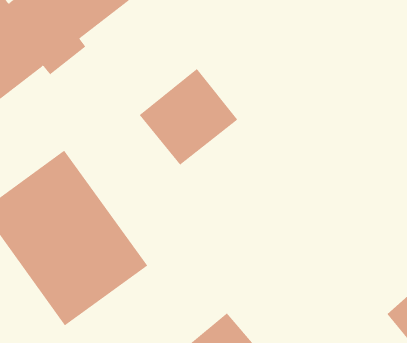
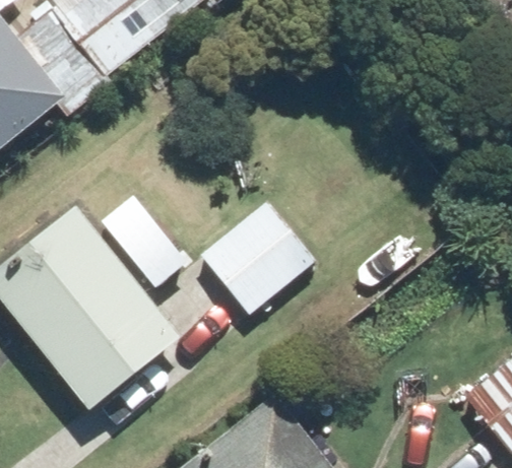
building: [139,68,238,166] -> [198,200,314,314]

